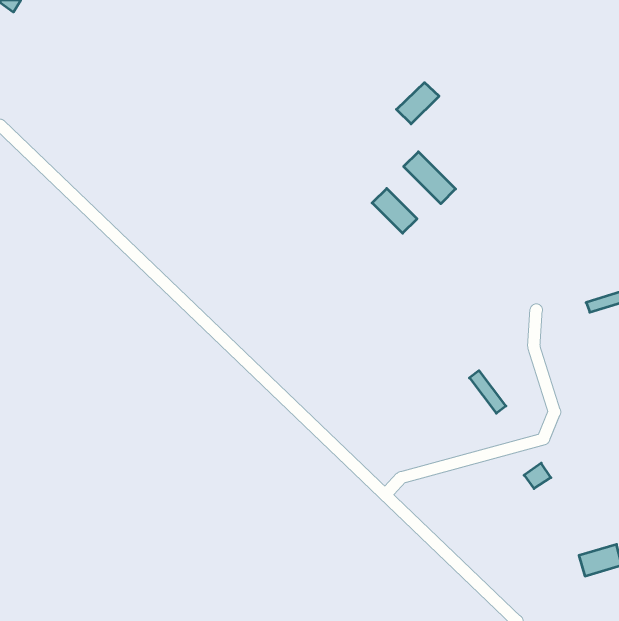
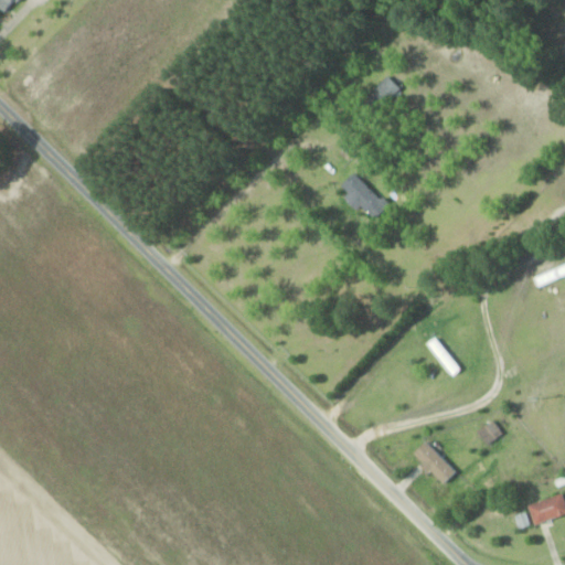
building: [404,152,456,204] -> none
building: none -> [412,441,456,484]

